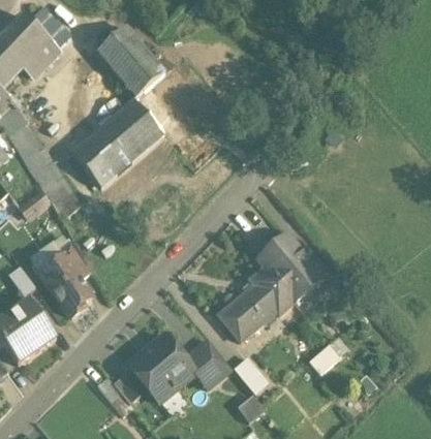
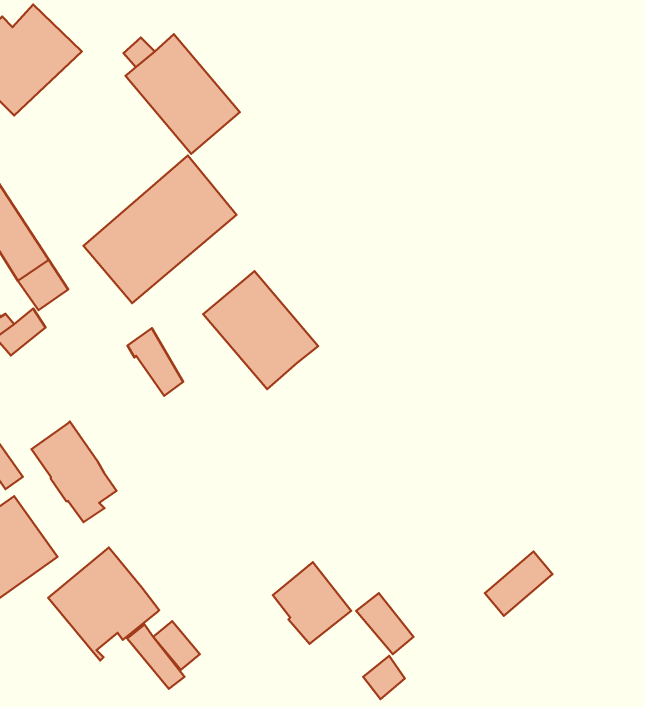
building: none -> [203,271,318,389]
building: [218,232,324,341] -> none
building: [58,239,91,279] -> [128,328,183,396]
building: [128,335,194,402] -> [48,548,159,661]

